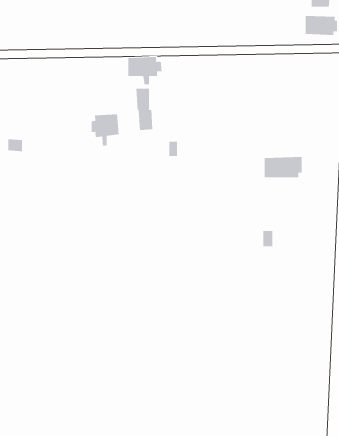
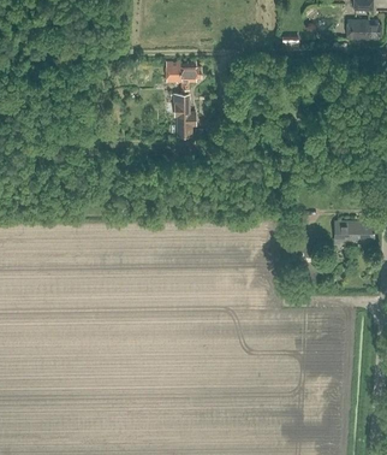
building: [91,114,119,146] -> none
building: [264,157,303,178] -> [333,220,373,242]

